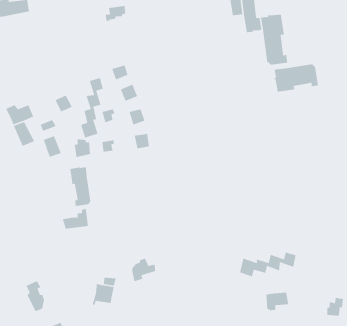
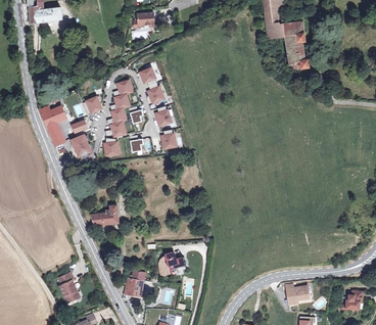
building: [273,64,319,92] -> none
building: [70,166,91,207] -> none
building: [239,251,296,278] -> none

